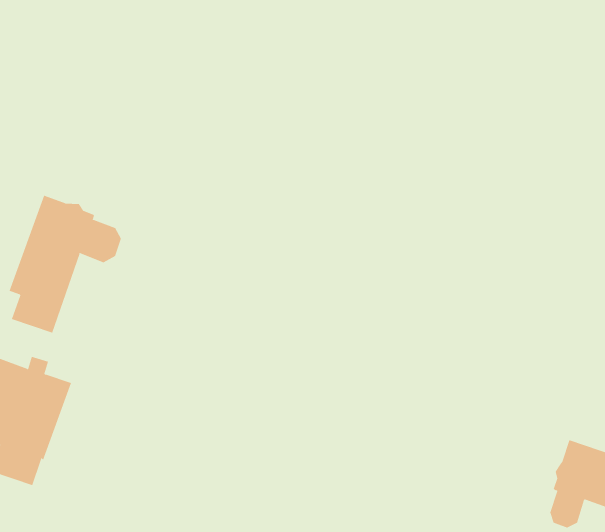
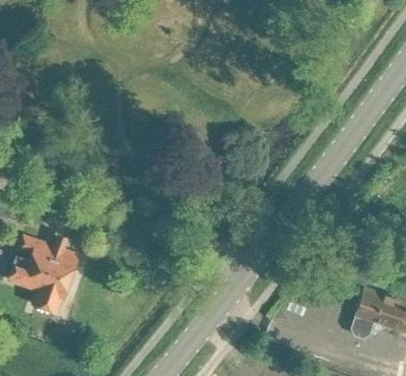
building: [9,195,121,334] -> none

